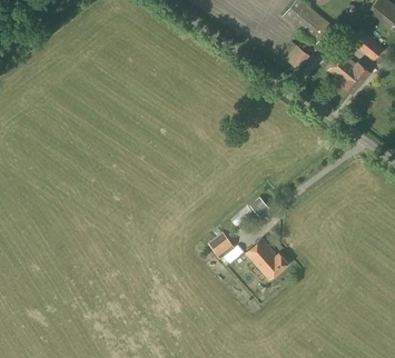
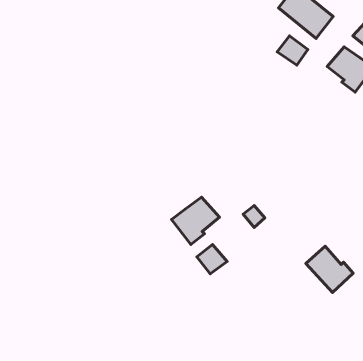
building: none -> [171,197,220,244]
building: [245,238,288,280] -> [306,246,353,293]

